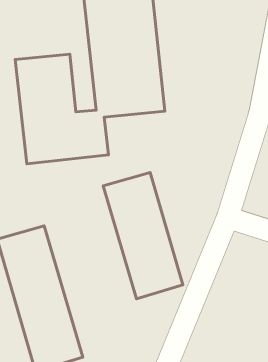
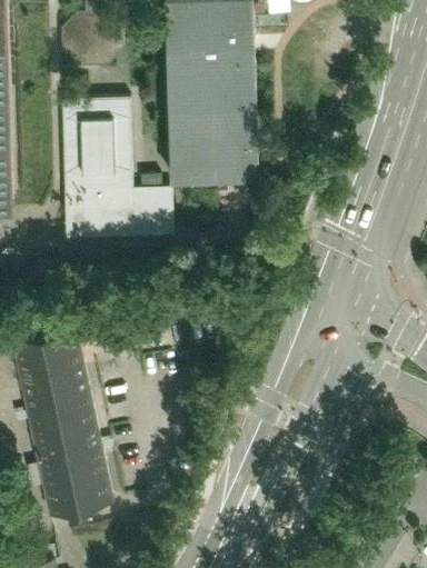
building: [103,172,183,299] -> none

